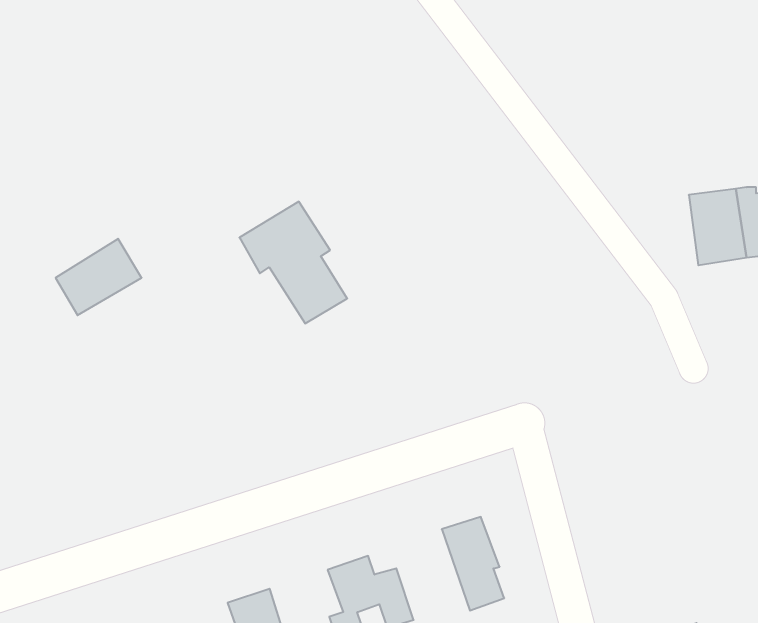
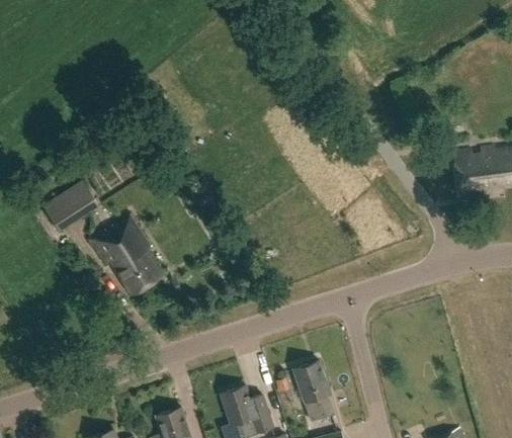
building: [239,202,347,323] -> [92,215,162,294]

